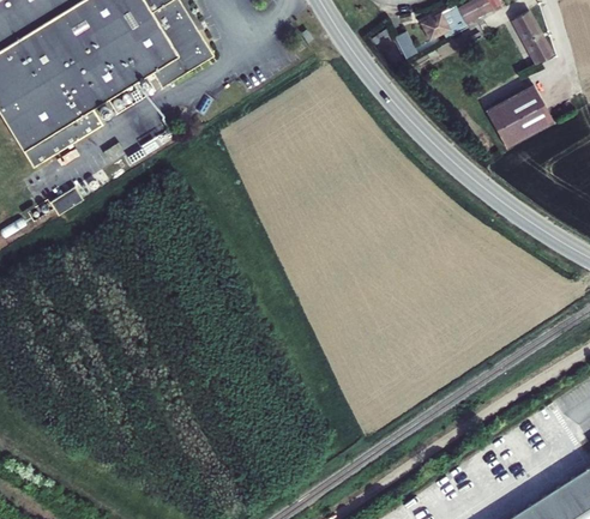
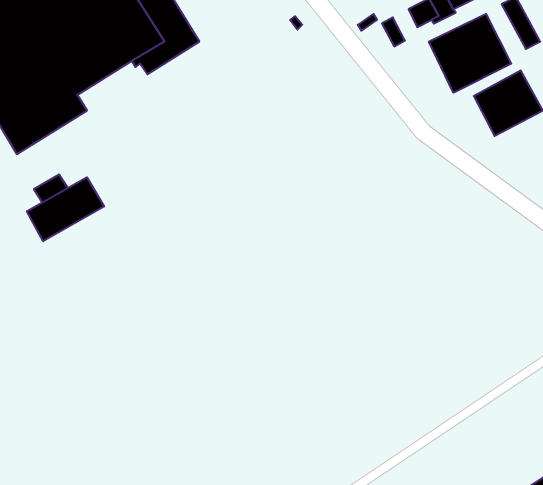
building: none -> [429,14,511,93]
building: none -> [27,177,104,241]

